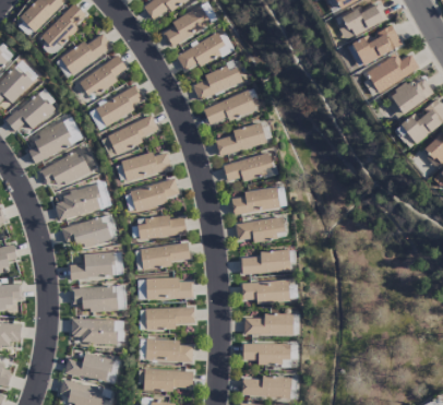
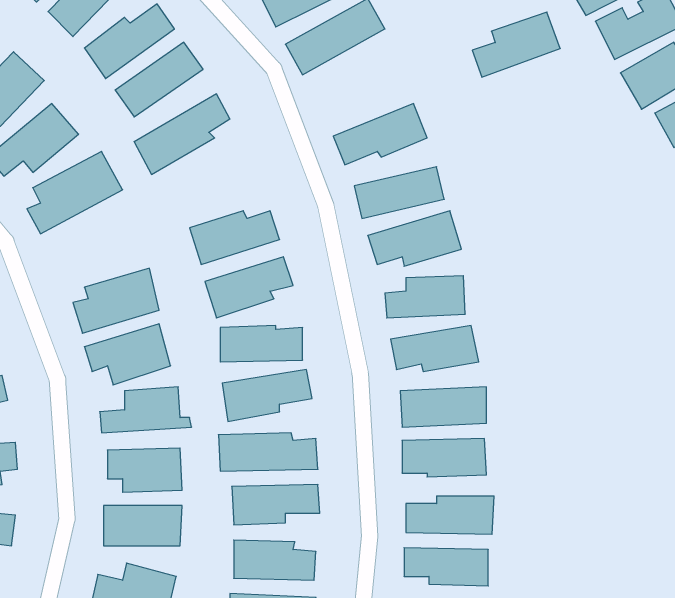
building: [193,62,243,99] -> [472,12,560,77]
building: [107,117,158,154] -> none
building: [40,152,88,188] -> none

